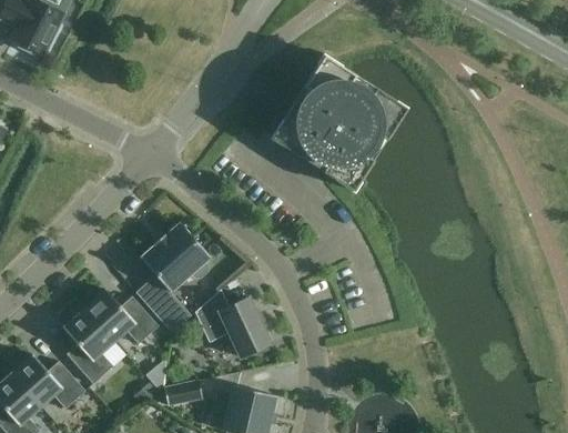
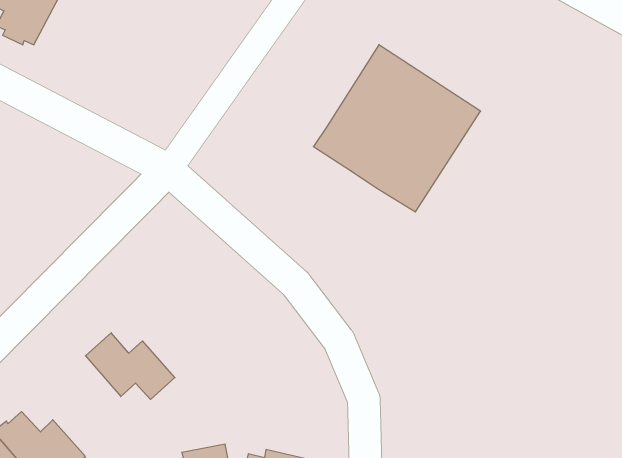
building: [136,222,211,333] -> none
building: [195,289,271,358] -> none
building: [63,309,114,384] -> none

